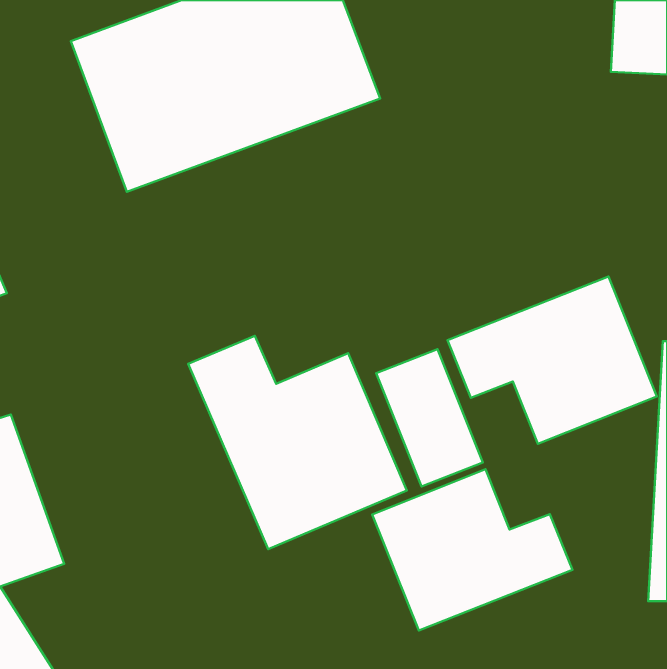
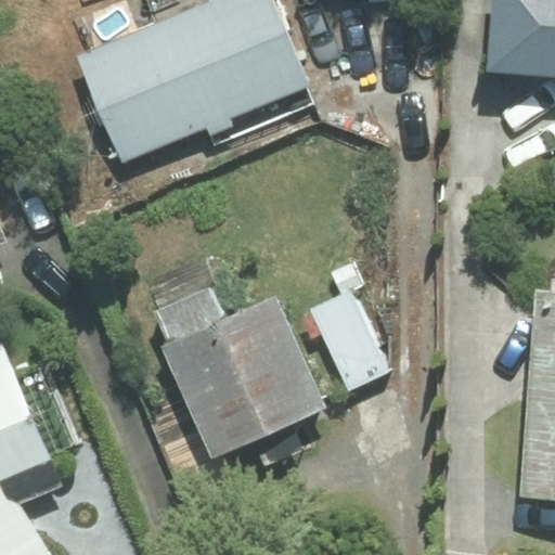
building: [447,277,657,444] -> none
building: [372,469,572,630] -> none

